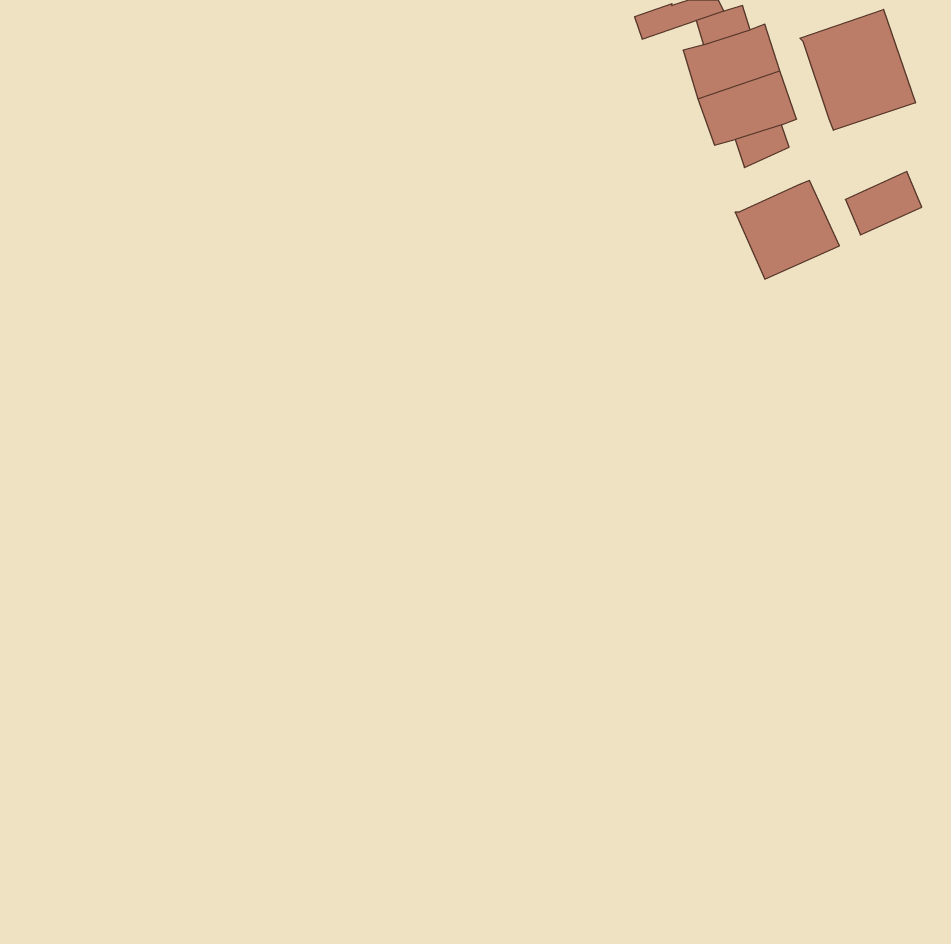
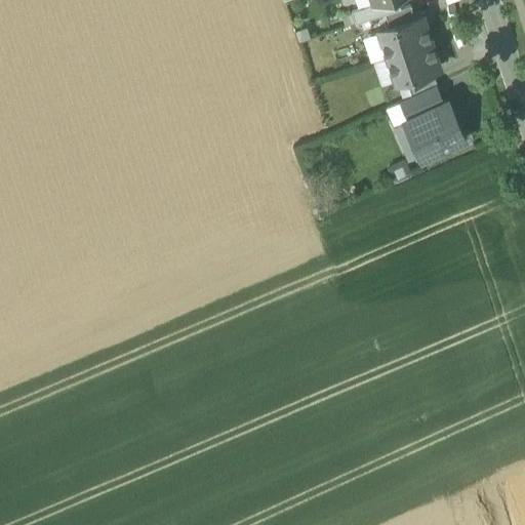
building: [800,9,915,130] -> none
building: [845,172,922,235] -> [399,86,441,121]

